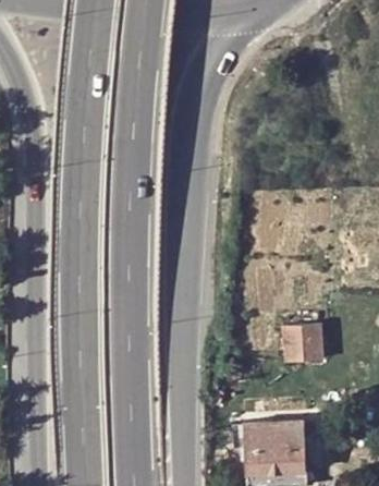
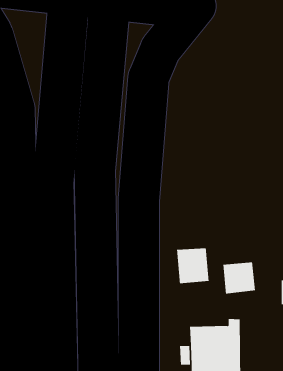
building: none -> [176,248,209,284]

